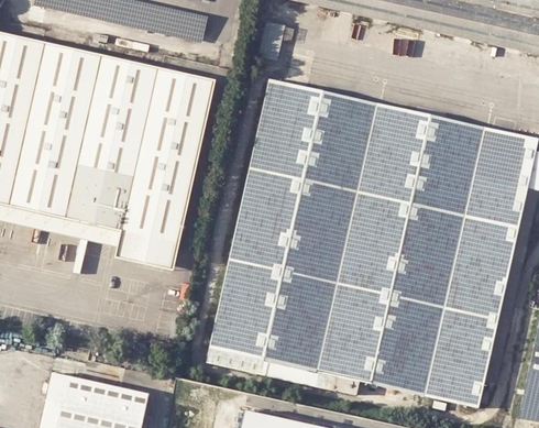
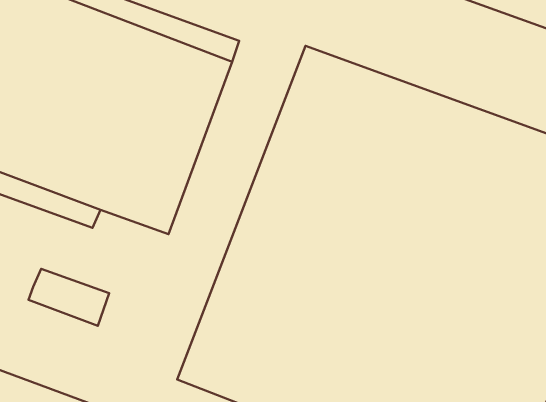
building: [116,229,179,268] -> [28,269,109,326]

